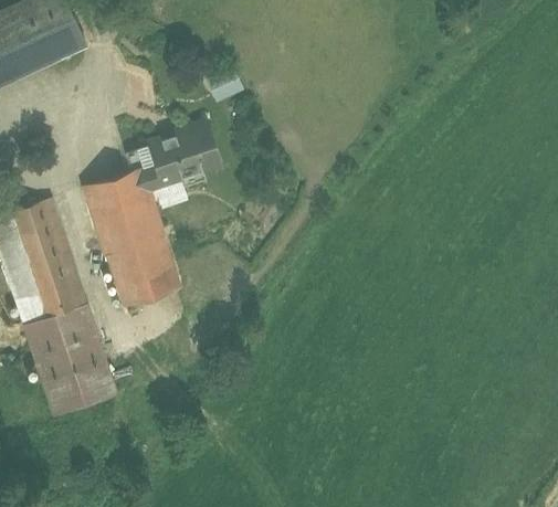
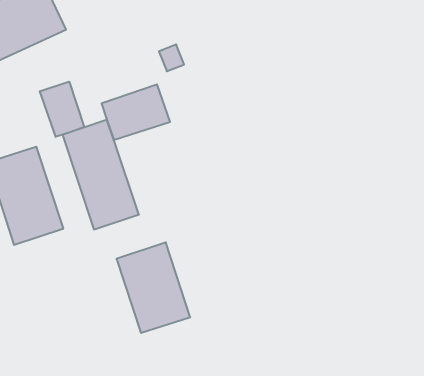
building: none -> [40,82,84,137]
building: [23,303,117,418] -> [116,242,190,333]

